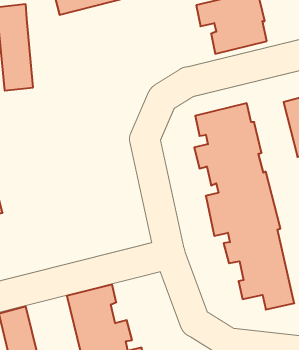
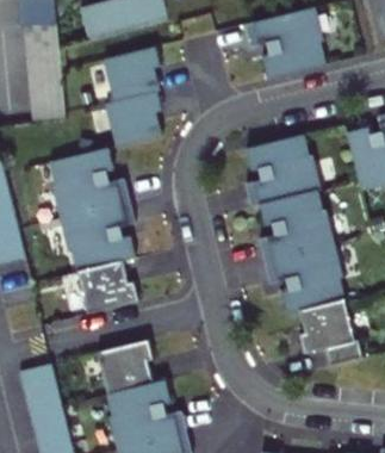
building: none -> [104,45,162,148]
building: none -> [50,149,139,316]

